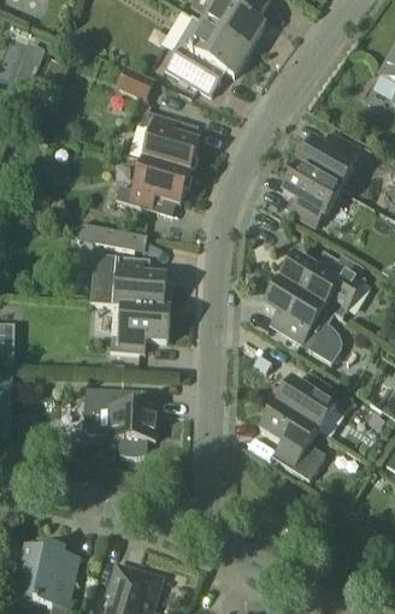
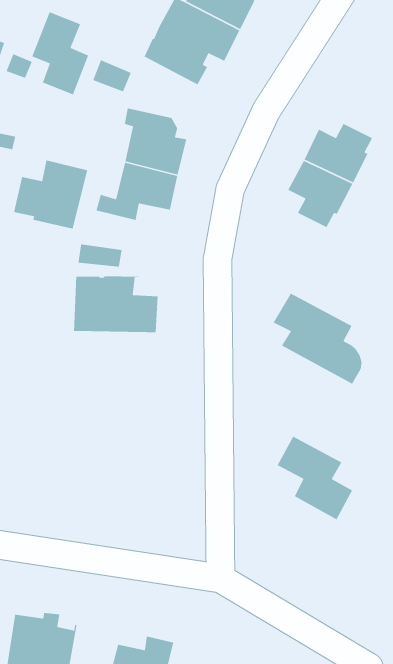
building: none -> [30,11,89,95]
building: none -> [13,159,88,230]
building: [281,249,365,315] -> none
building: [90,301,170,352] -> none
building: [276,376,354,430] -> none
building: [83,386,157,456] -> none

